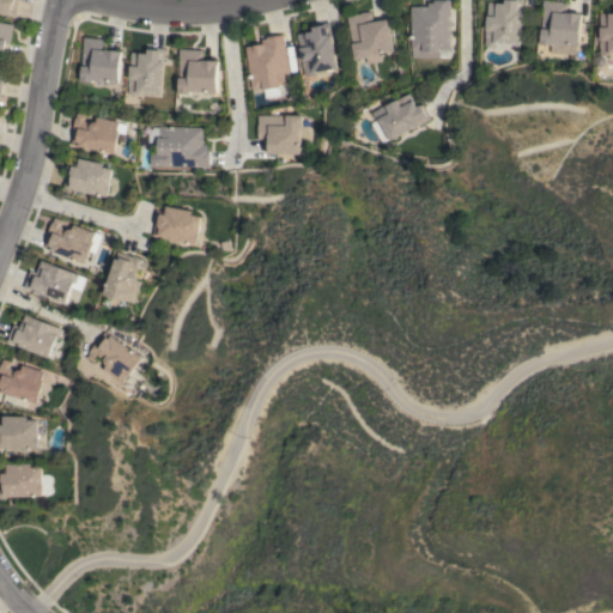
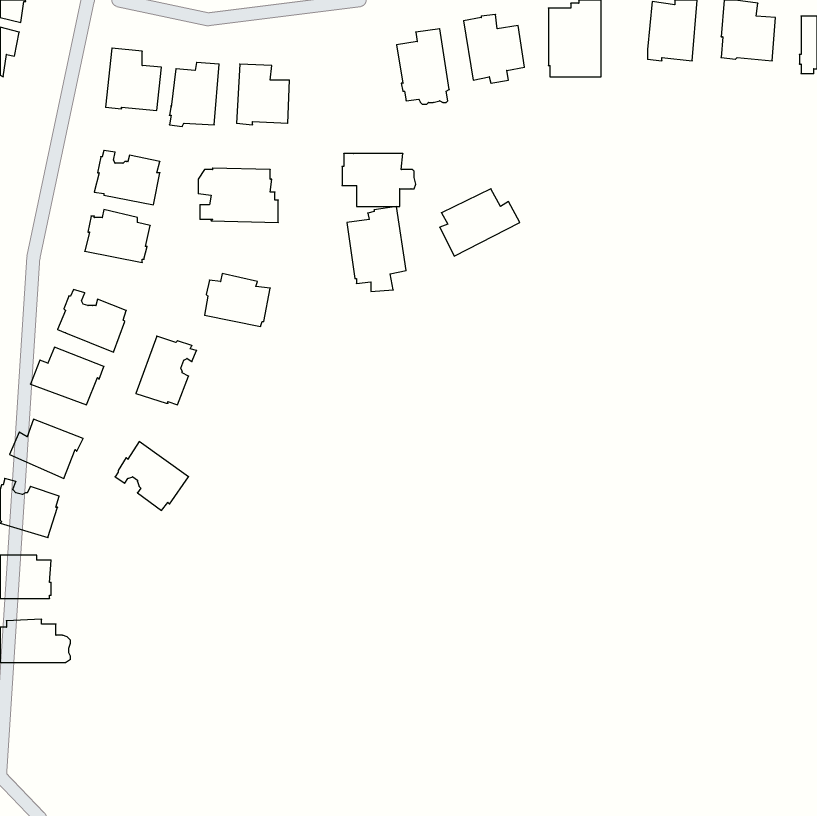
building: [245,36,290,99] -> [347,207,406,291]
building: [371,95,431,145] -> [440,189,520,256]

